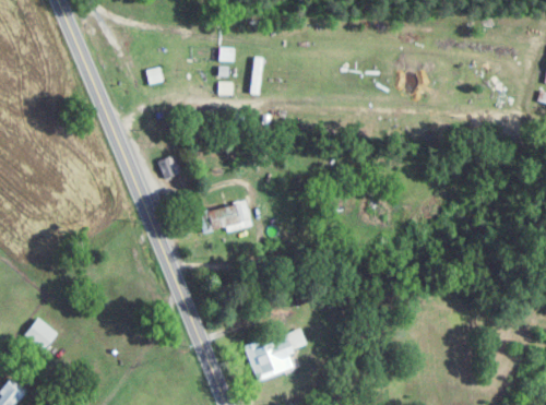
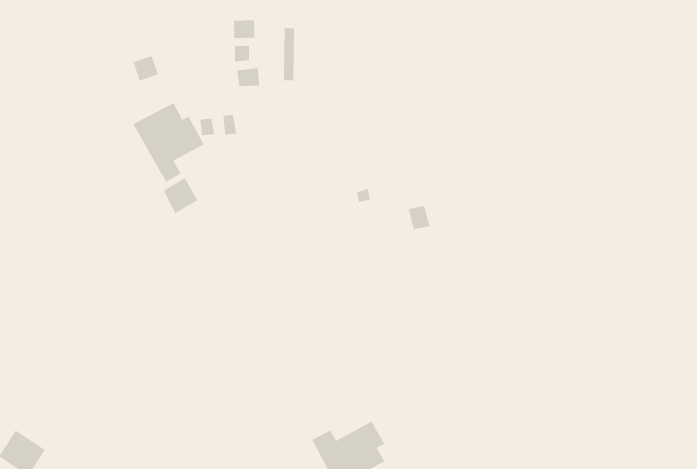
building: none -> [132,102,205,183]
building: [197,199,253,235] -> none

